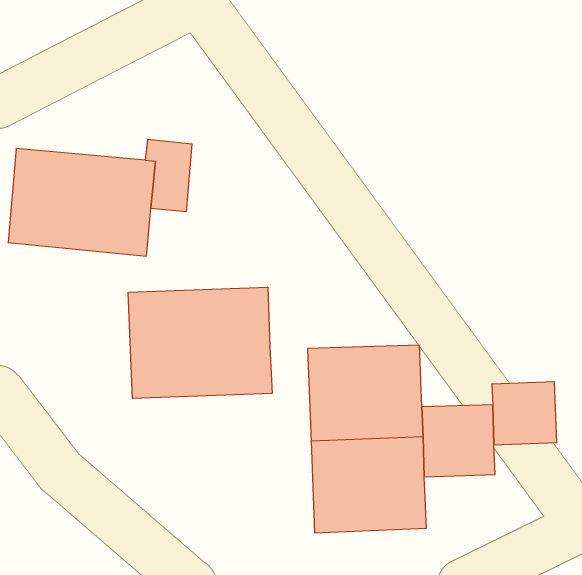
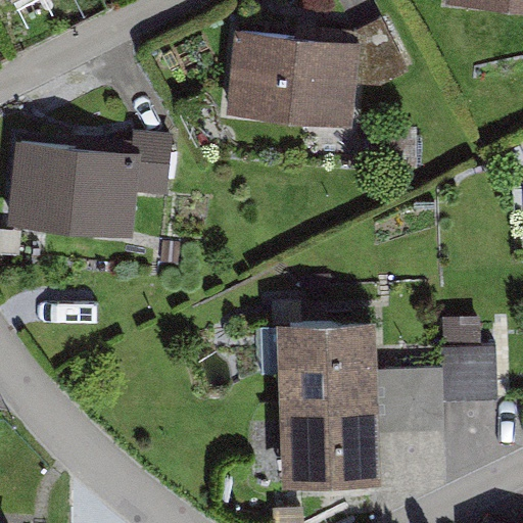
building: none -> [227,26,406,129]
building: [128,287,272,399] -> none

